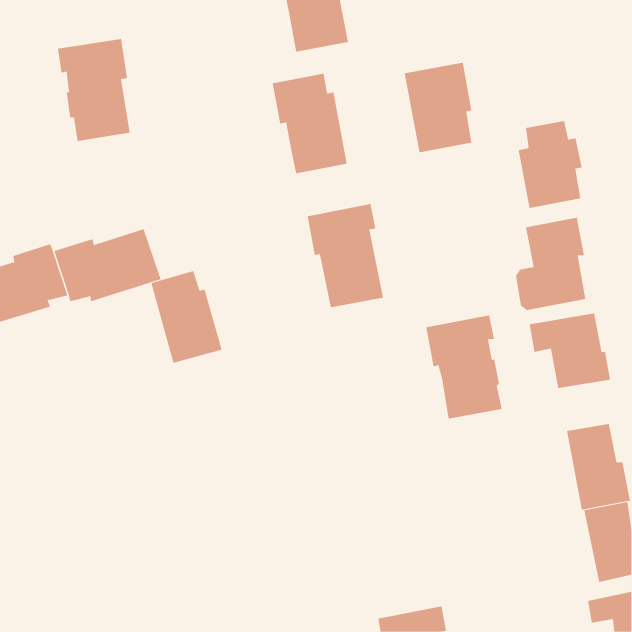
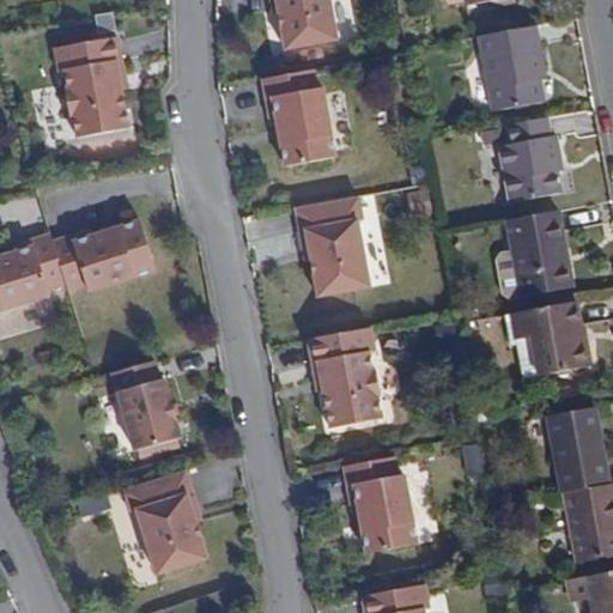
building: [404,62,472,153] -> [478,24,544,111]
building: [151,270,223,364] -> [111,362,181,451]
building: [425,315,502,419] -> [308,328,382,429]
building: none -> [344,457,418,554]
building: none -> [125,471,206,576]

